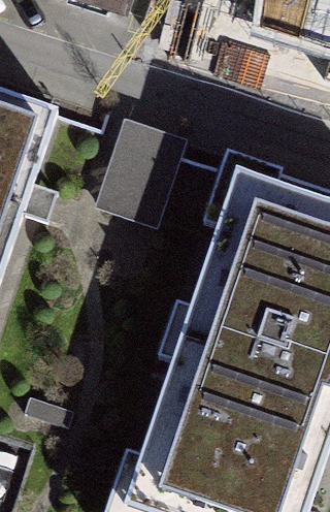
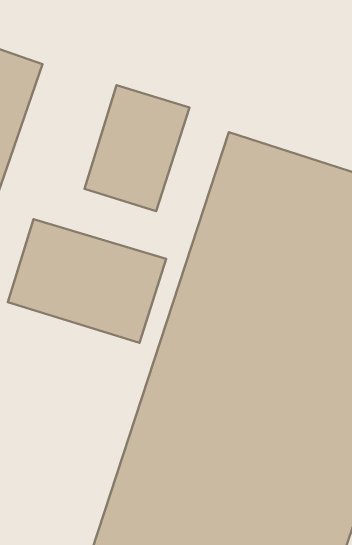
building: none -> [8,219,166,343]

